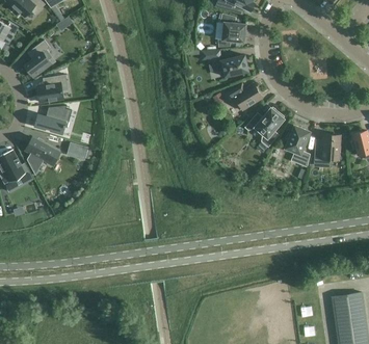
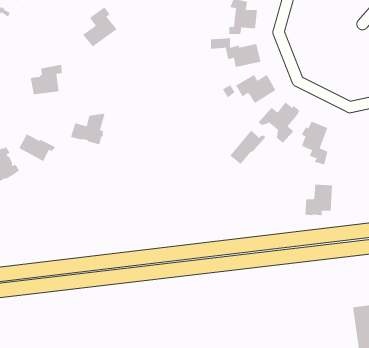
building: [24,39,56,77] -> [82,6,117,47]
building: [34,105,67,134] -> [70,113,105,145]
building: none -> [229,130,267,165]
building: [314,135,340,164] -> [304,184,333,216]

